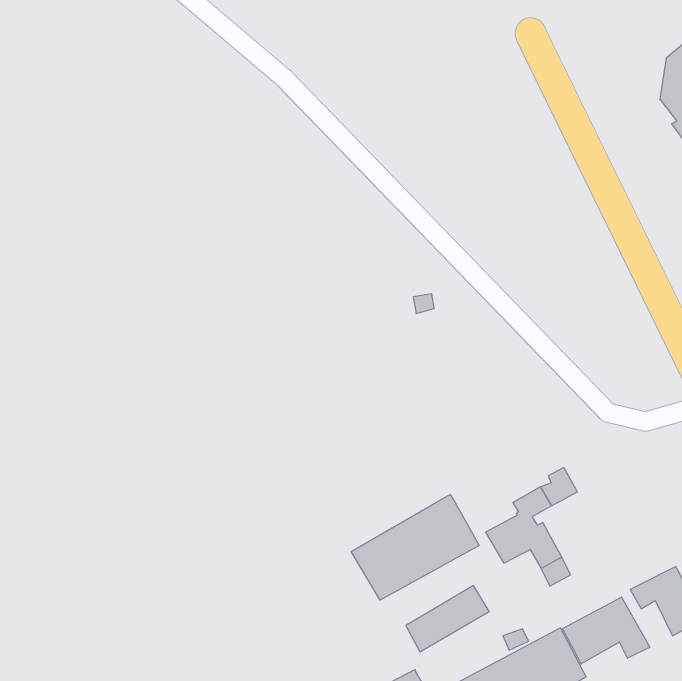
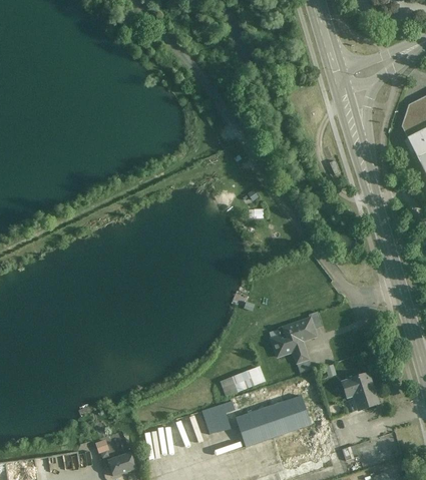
building: [351,494,479,600] -> none
building: [562,597,650,664] -> none

